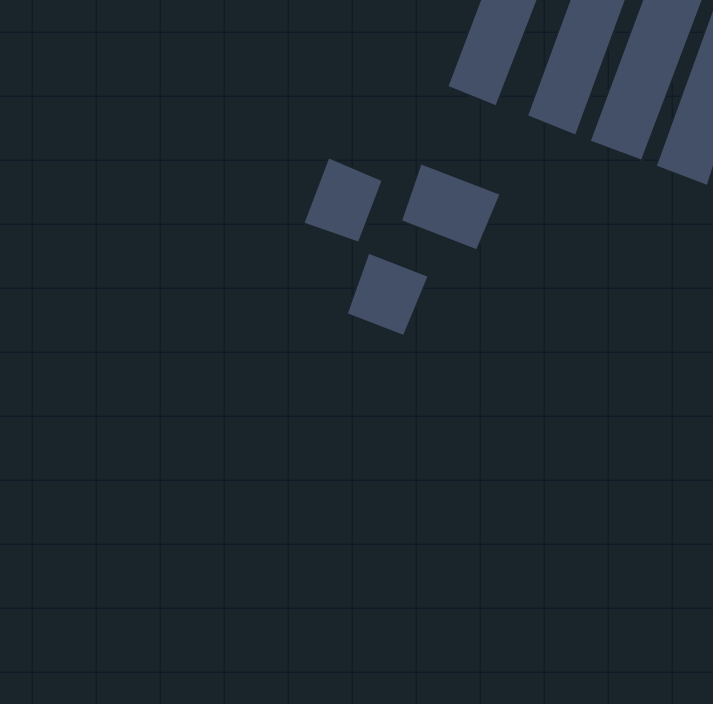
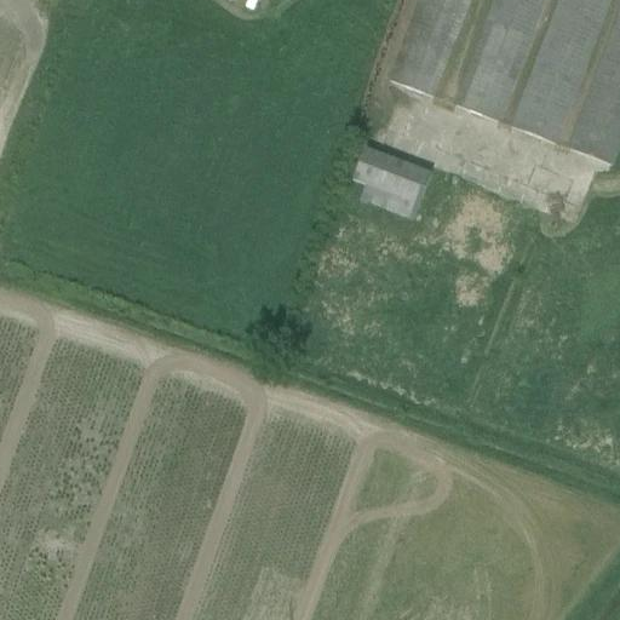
building: [303,158,383,243] -> none
building: [347,253,429,336] -> none

